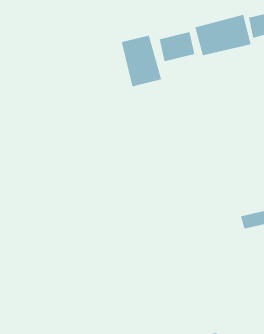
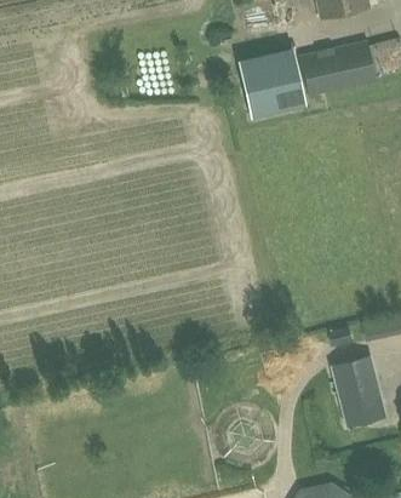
building: [121,35,162,87] -> none
building: none -> [332,357,384,425]

